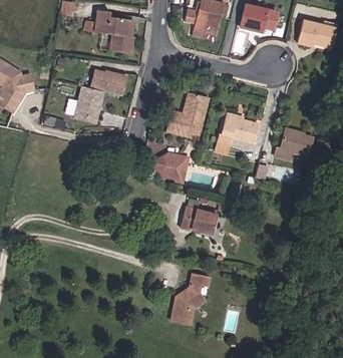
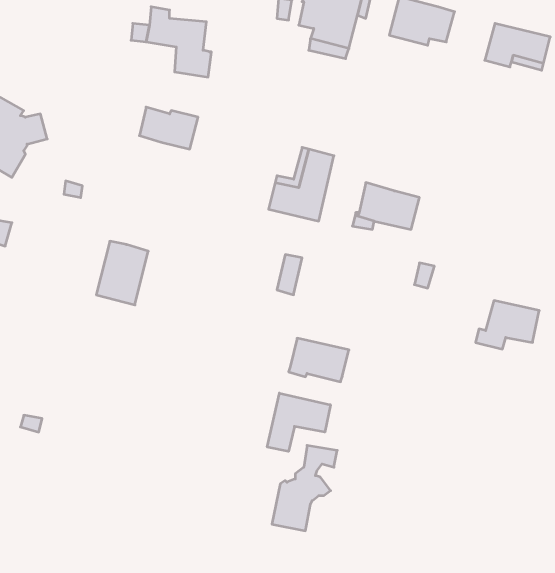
building: [72,85,103,123] -> [96,241,148,305]
building: [274,130,312,159] -> [476,301,539,349]
building: [152,155,178,180] -> none
building: none -> [267,393,330,451]

